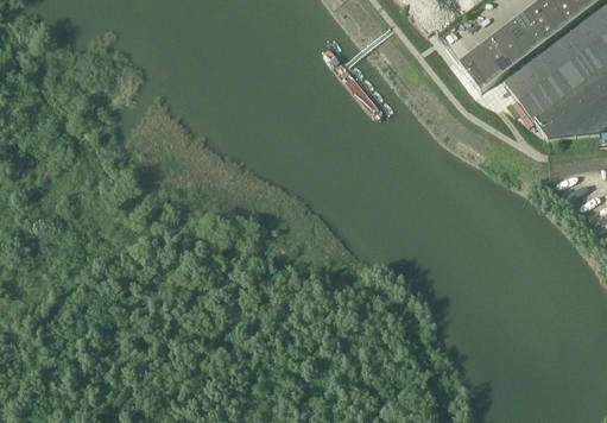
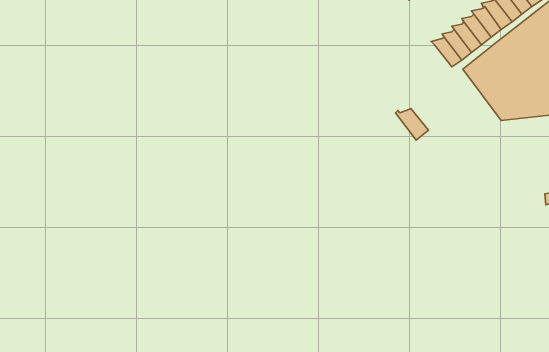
building: [459,55,494,89] -> [396,108,428,140]

